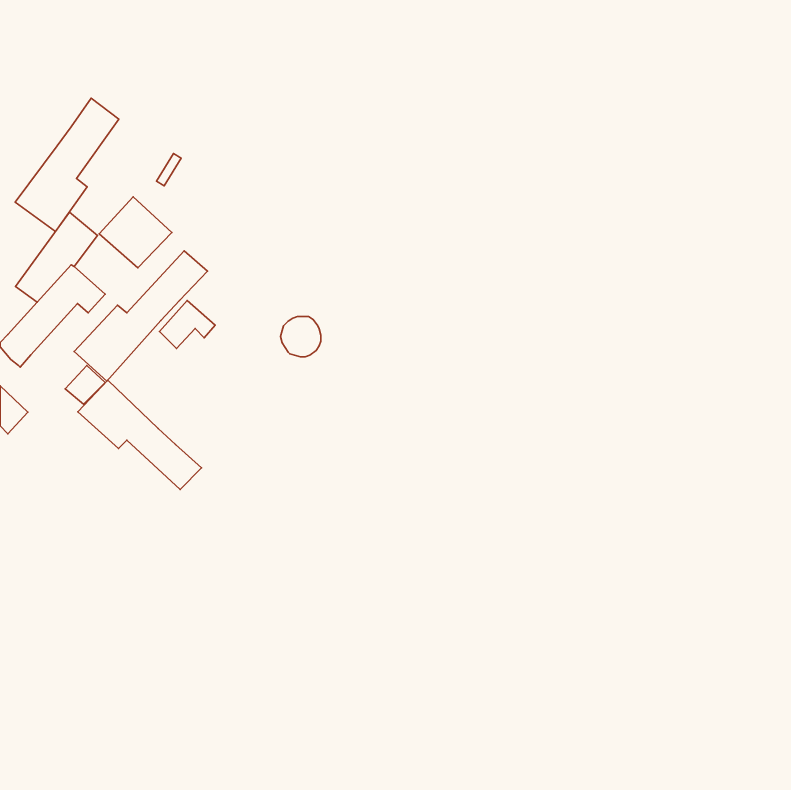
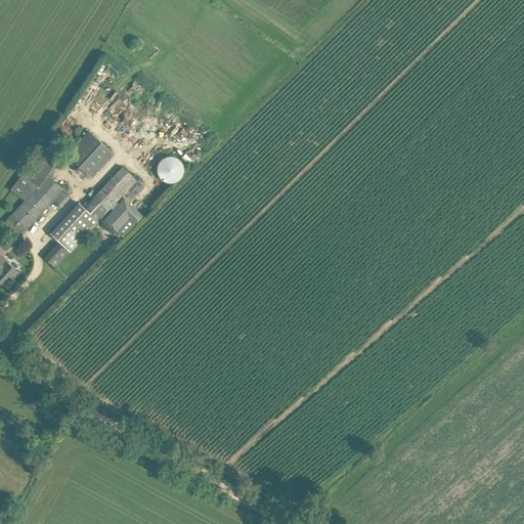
building: [15,98,119,232] -> none
building: [281,317,321,357] -> [157,157,183,183]
building: [78,380,202,489] -> none

